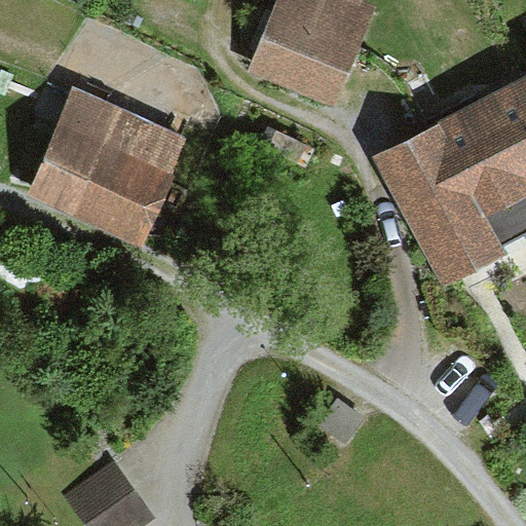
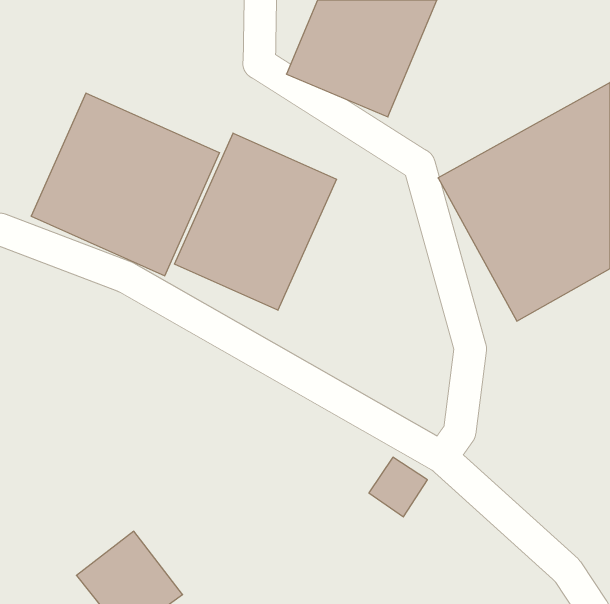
building: none -> [175,133,336,310]

